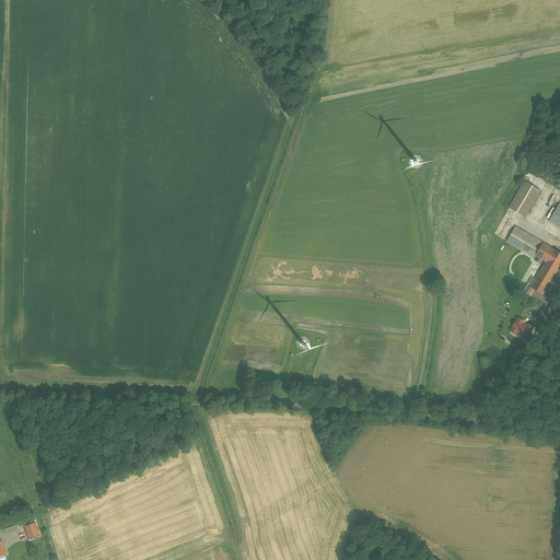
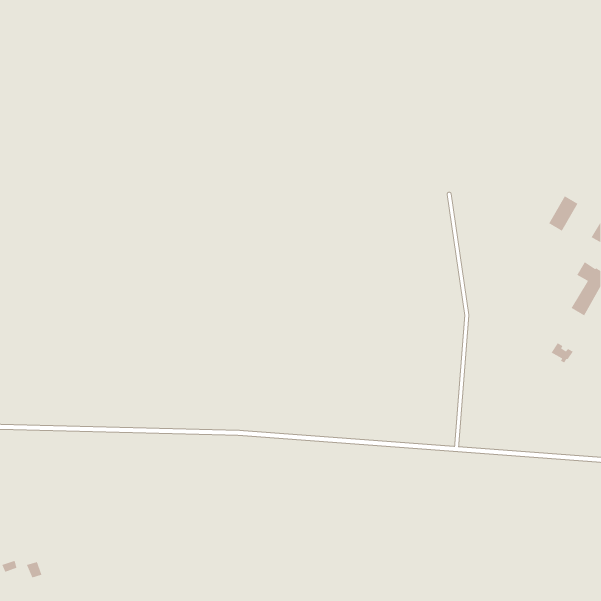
building: [508,226,544,258] -> none

